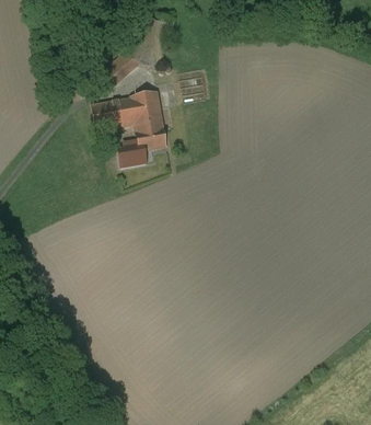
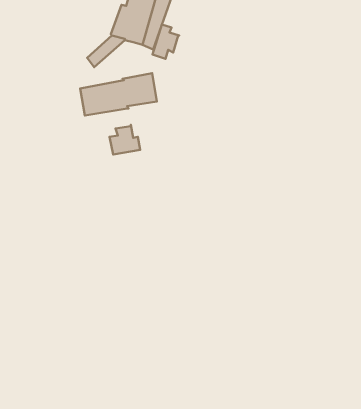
building: none -> [152,25,179,59]
building: [134,117,165,151] -> none

